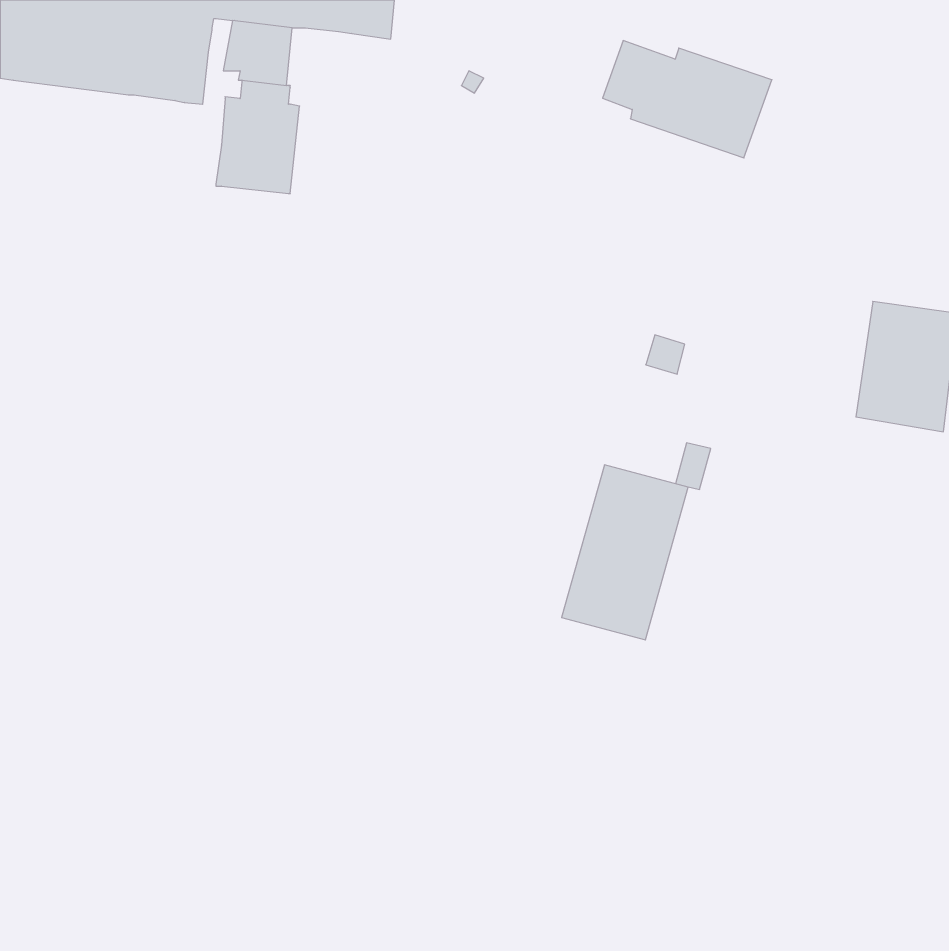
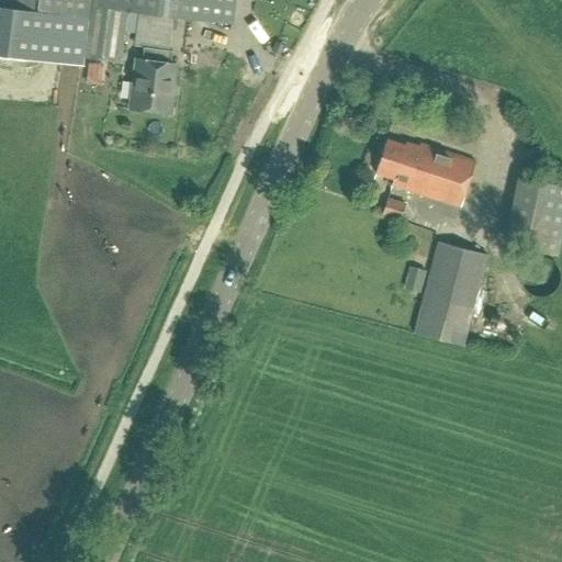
building: [603,41,772,158] -> [375,138,475,207]
building: [562,465,688,640] -> [413,243,487,346]

